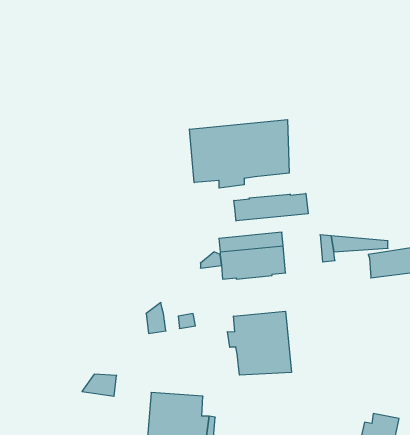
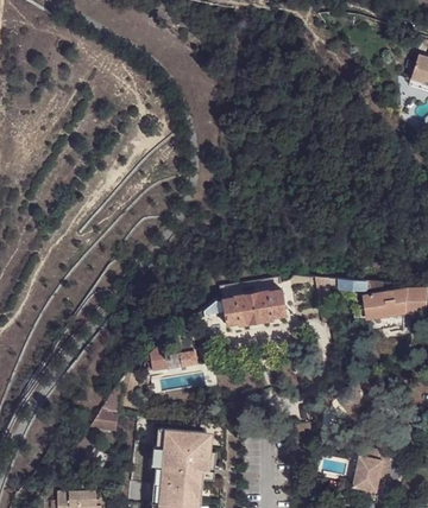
building: [190,120,289,188] -> none
building: [234,193,308,221] -> none
building: [227,311,291,375] -> none

